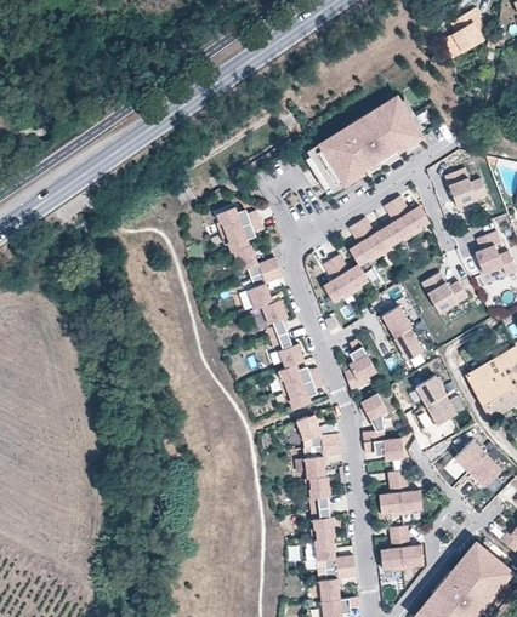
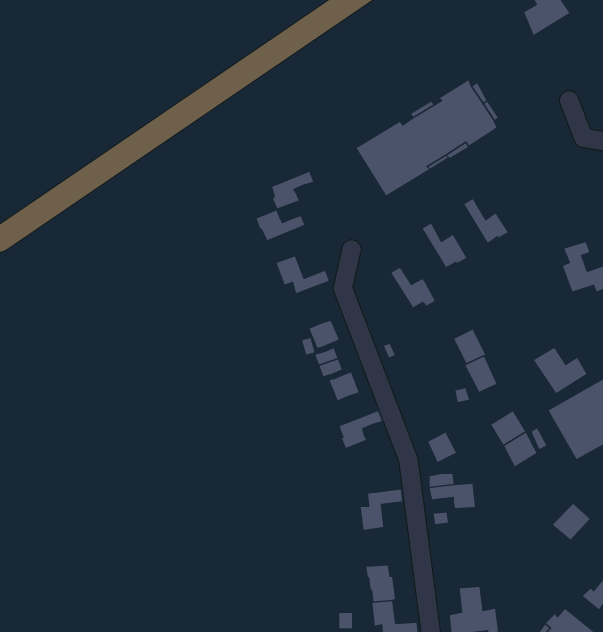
building: [445,168,487,207] -> none
building: [385,201,414,247] -> none
building: [227,219,263,252] -> [271,171,314,210]
building: [350,222,379,268] -> none
building: [323,259,351,303] -> none
building: [249,267,284,309] -> none
building: [421,272,467,312] -> [533,347,587,394]
building: [346,339,376,392] -> none
building: [279,364,322,389] -> none
building: [297,413,341,446] -> none
building: [454,440,487,473] -> none
building: [380,469,422,514] -> none
building: [309,475,331,508] -> none

